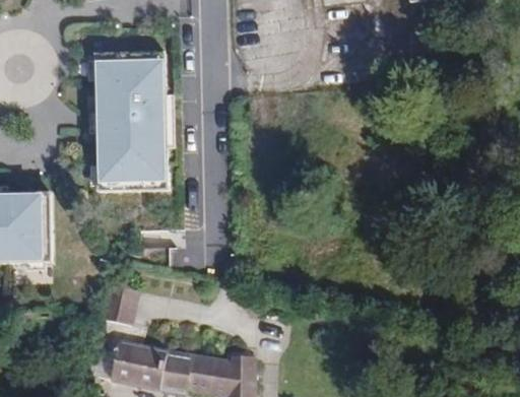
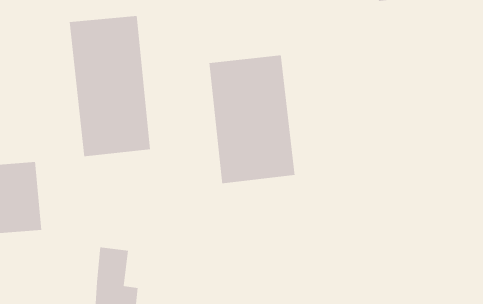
building: none -> [209,55,295,184]

